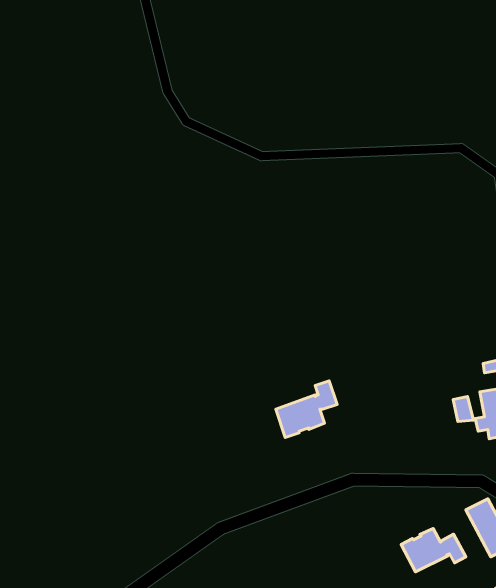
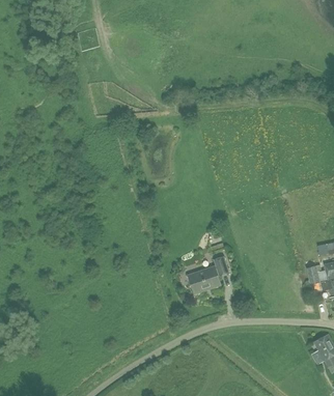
building: [401,529,466,572] -> none

